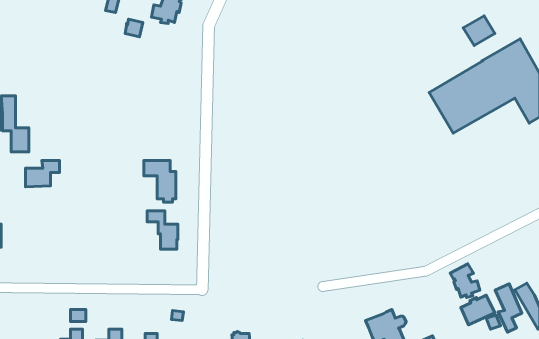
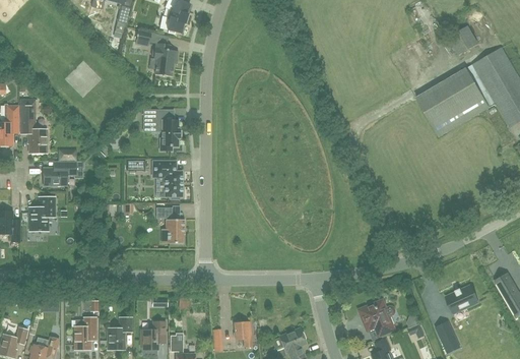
building: none -> [151,42,178,75]
building: none -> [143,109,179,149]
building: none -> [29,195,54,230]
building: [450,264,480,297] -> none
building: [495,284,522,332] -> none

